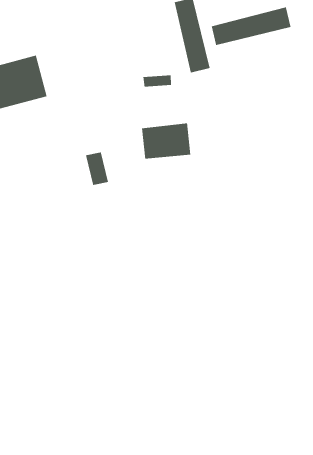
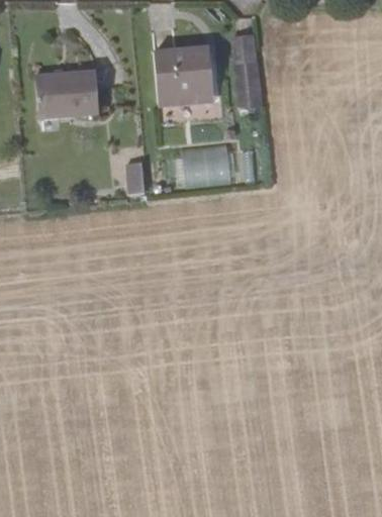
building: [211,6,291,46] -> none
building: none -> [154,47,211,100]

